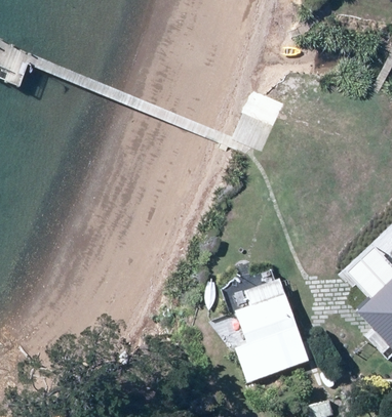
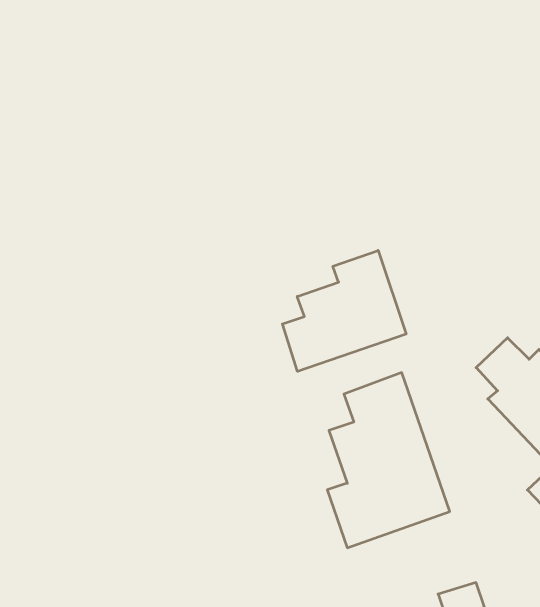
building: none -> [282,250,406,371]

